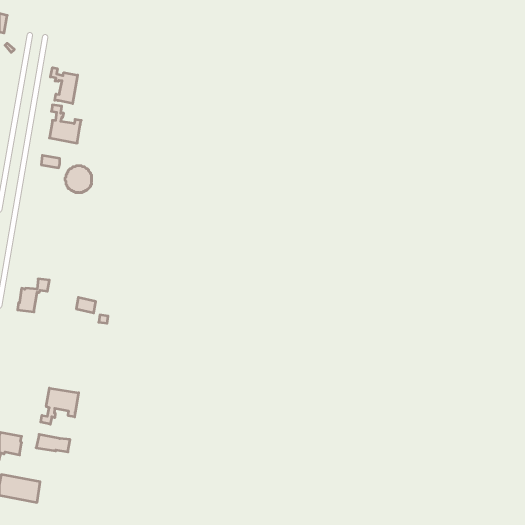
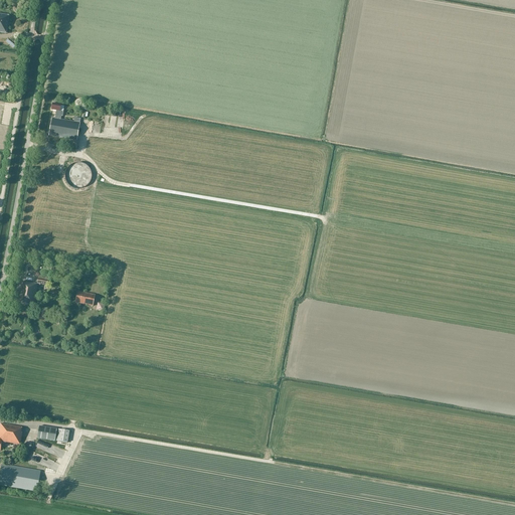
building: [50,68,78,104] -> none
building: [41,388,79,424] -> none

